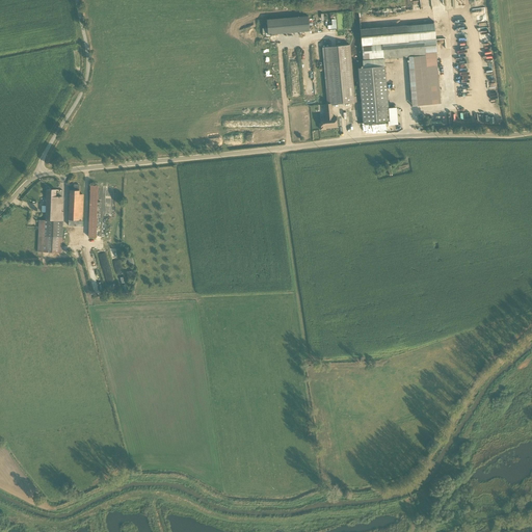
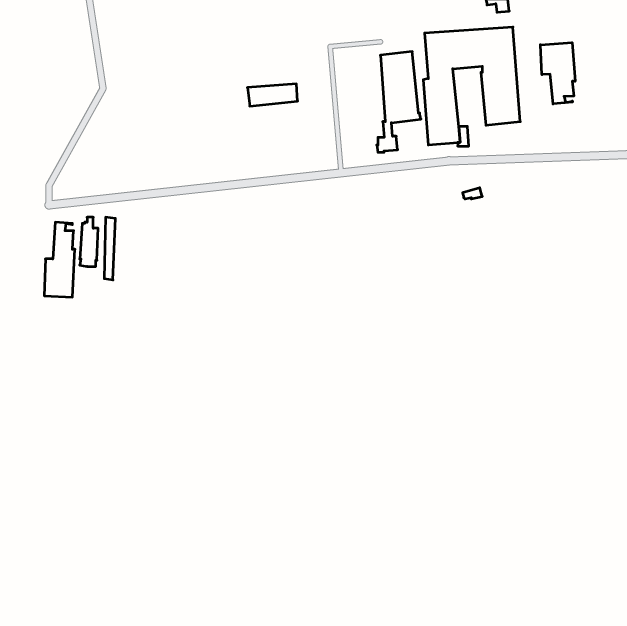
building: [266,16,309,34] -> [247,84,298,106]
building: none -> [540,43,575,104]

